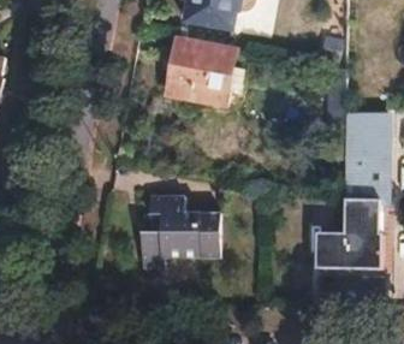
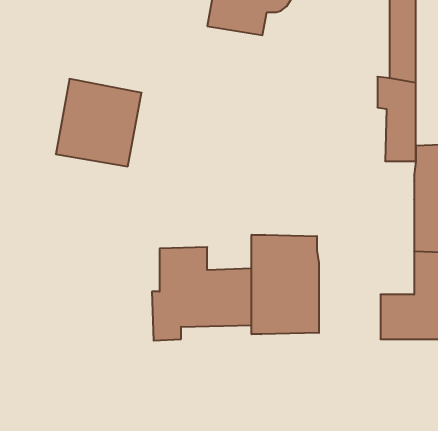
building: [166,36,233,105] -> [56,79,142,166]
building: none -> [252,235,319,334]

